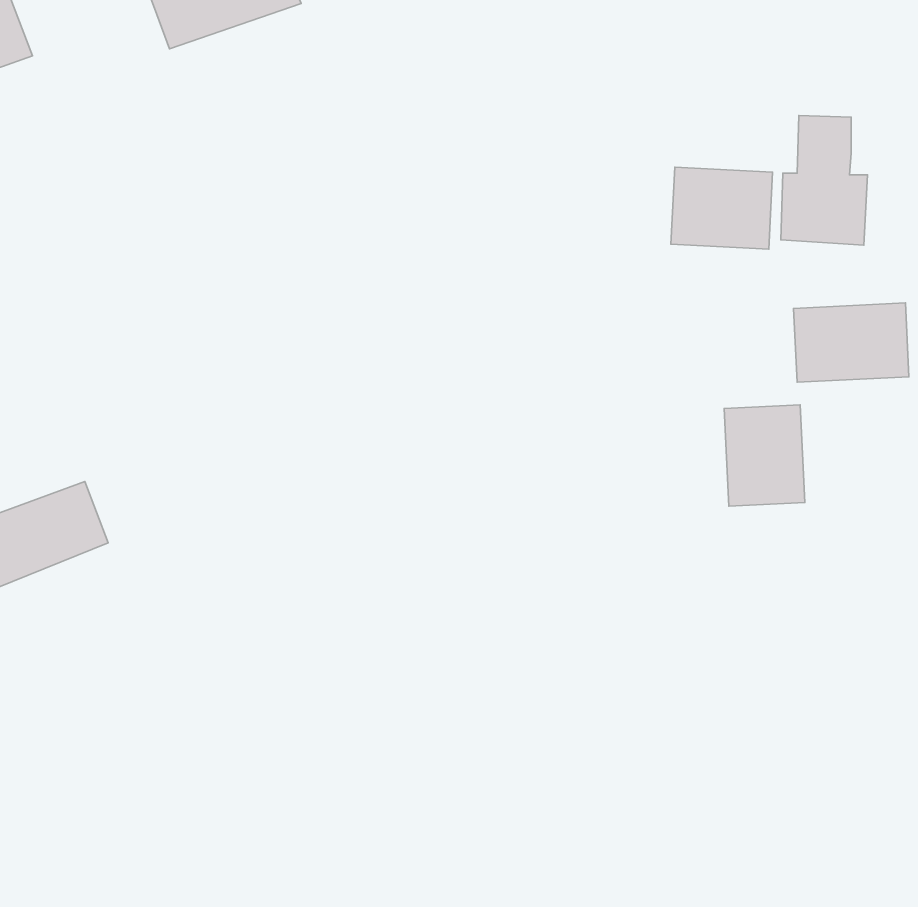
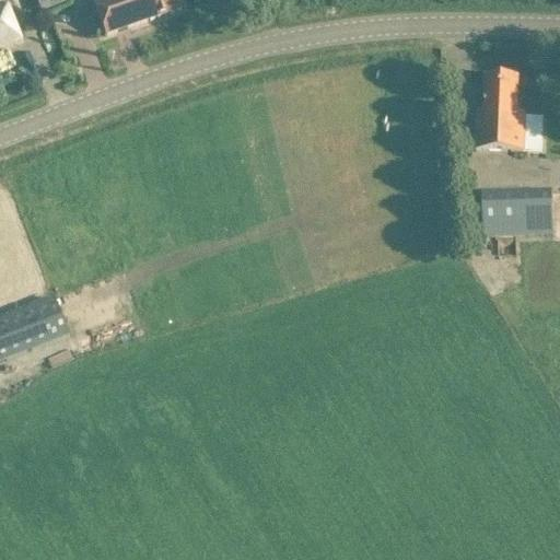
building: [671,167,773,249] -> none
building: [724,405,805,506] -> none

